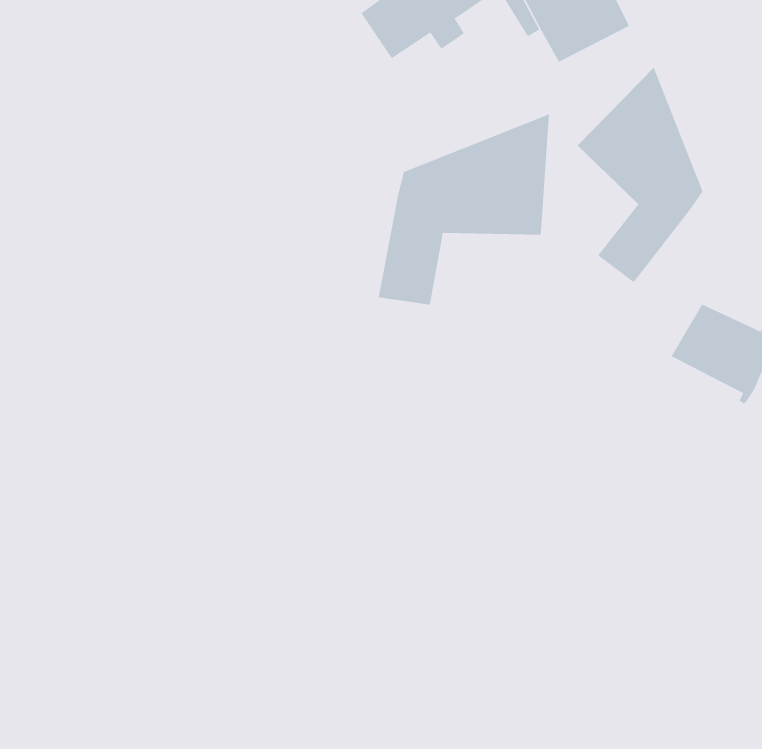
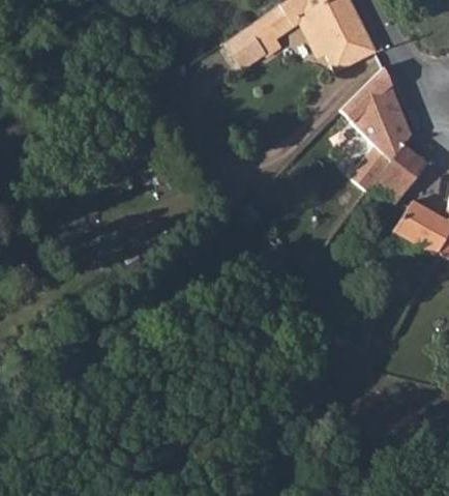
building: [378,113,550,305] -> none
building: none -> [375,150,427,207]

